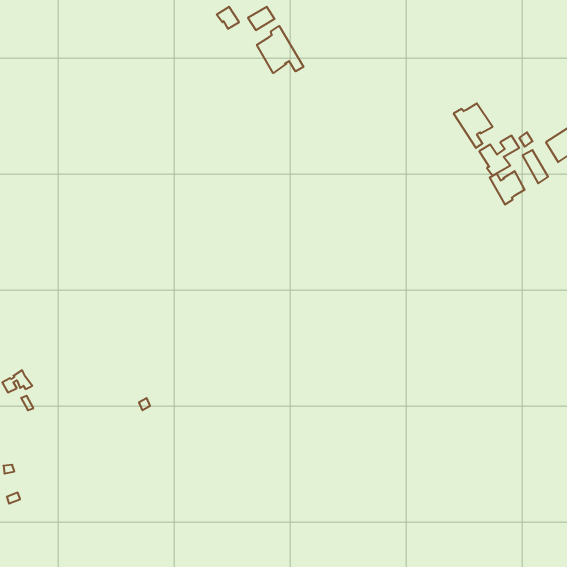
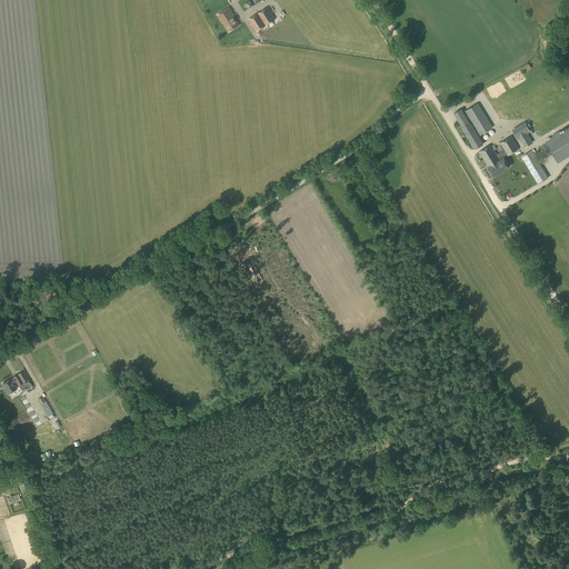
building: [257,26,303,73] -> none
building: [490,171,525,205] -> none

